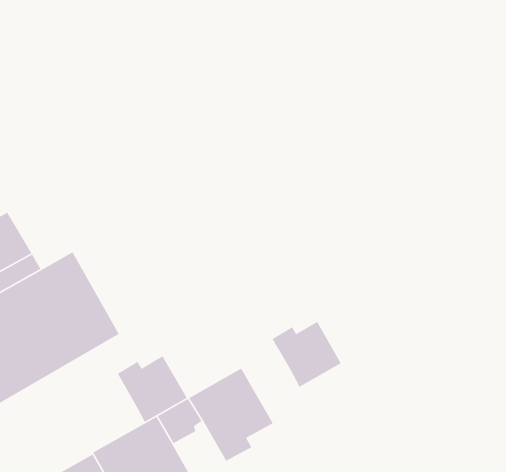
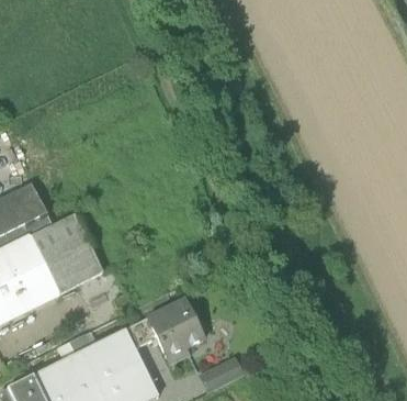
building: [272,321,342,388] -> none
building: [117,355,188,423] -> none

